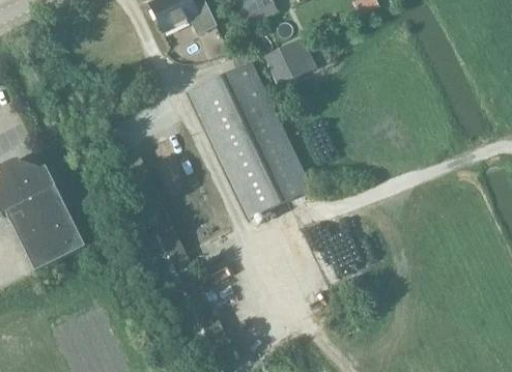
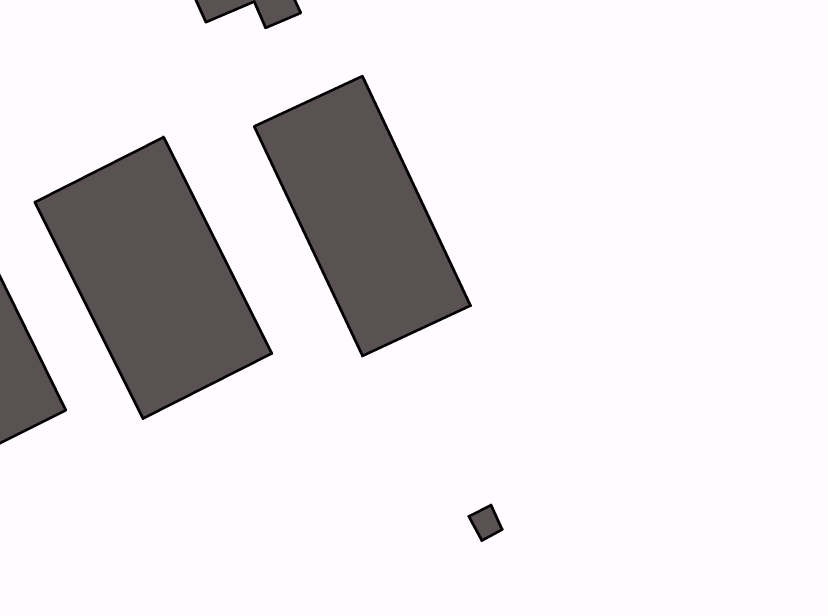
building: [268,41,305,82] -> none
building: none -> [35,137,272,419]

